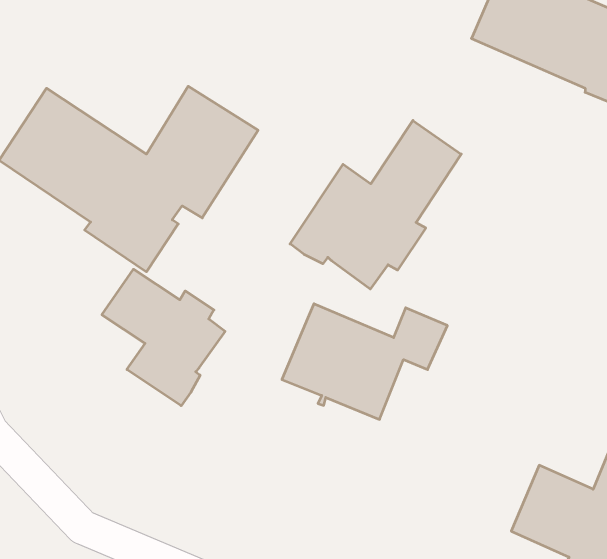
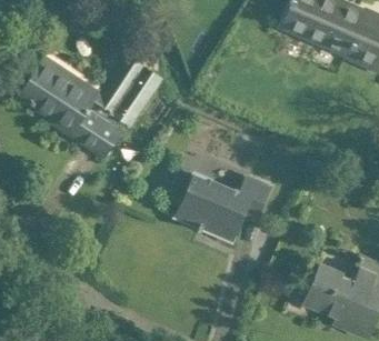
building: [290,120,461,289] -> none
building: [102,269,225,406] -> none

